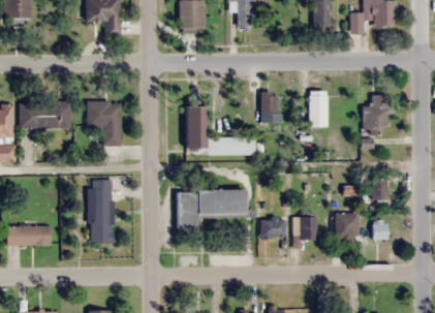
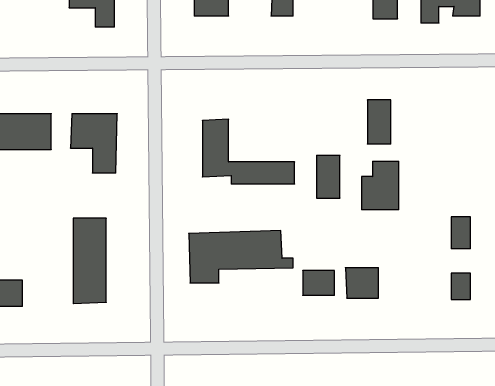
building: [261,91,279,123] -> [317,155,340,198]
building: [364,95,392,131] -> [362,161,399,210]
building: [336,213,359,239] -> none

